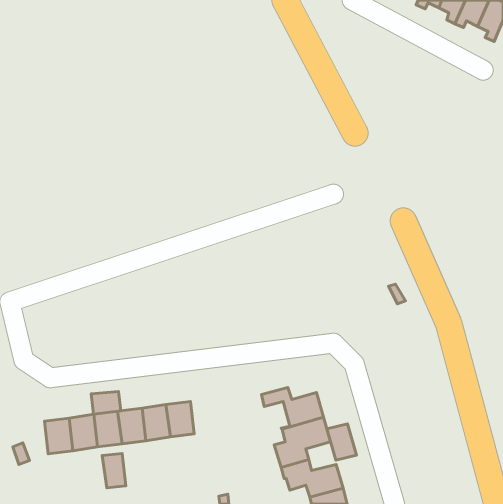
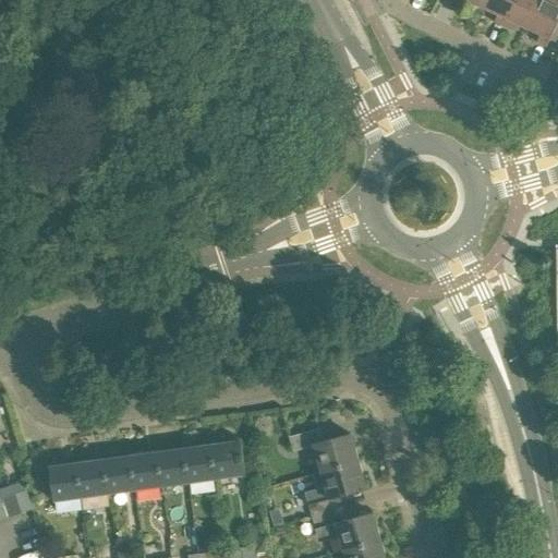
building: [91,391,121,414] -> none
building: none -> [210,440,242,480]
building: [327,424,356,460] -> none
building: [102,453,126,488] -> none

